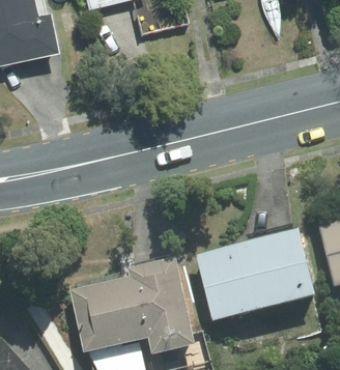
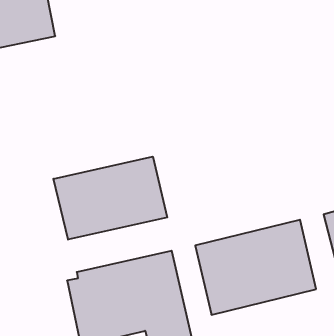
building: none -> [53,157,167,240]

